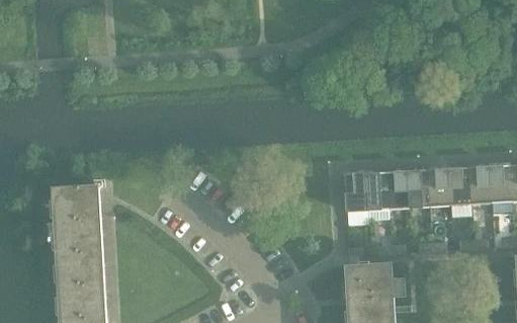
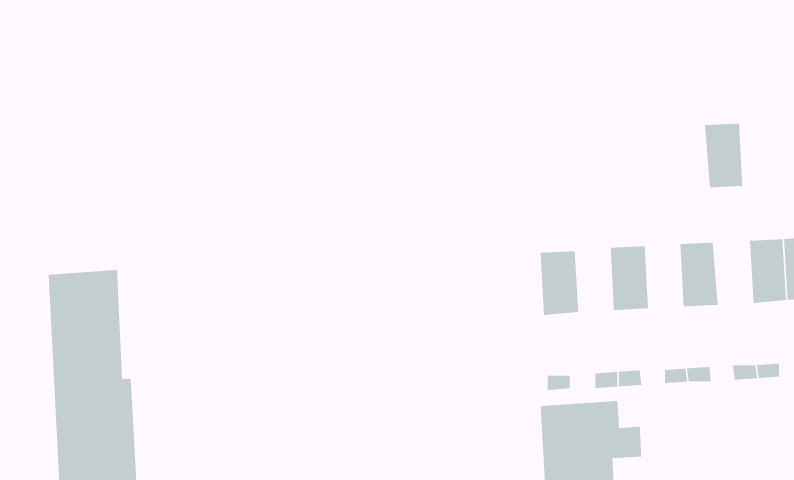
building: [448,166,471,205] -> [704,123,743,188]
building: [408,168,430,207] -> none
building: [366,170,390,219] -> none

